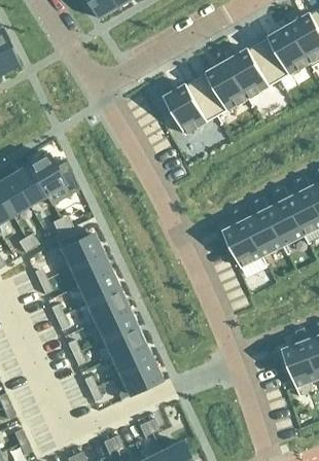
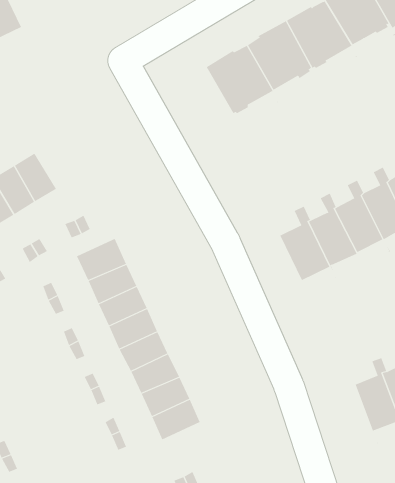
building: [29,153,65,193] -> none

